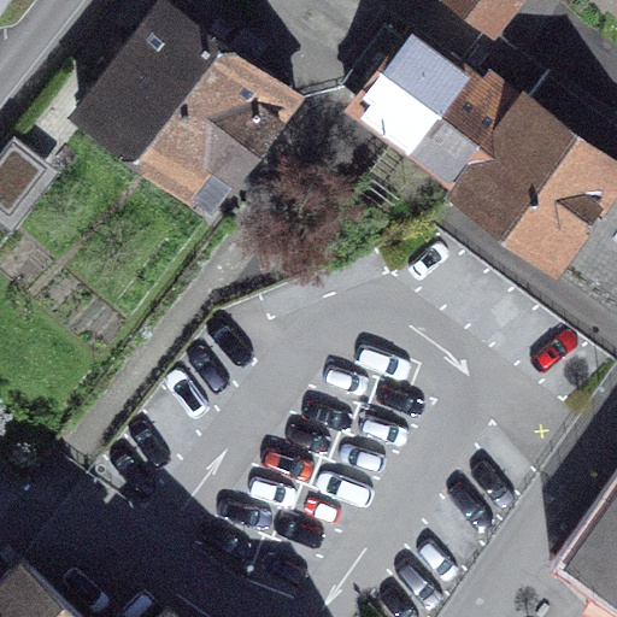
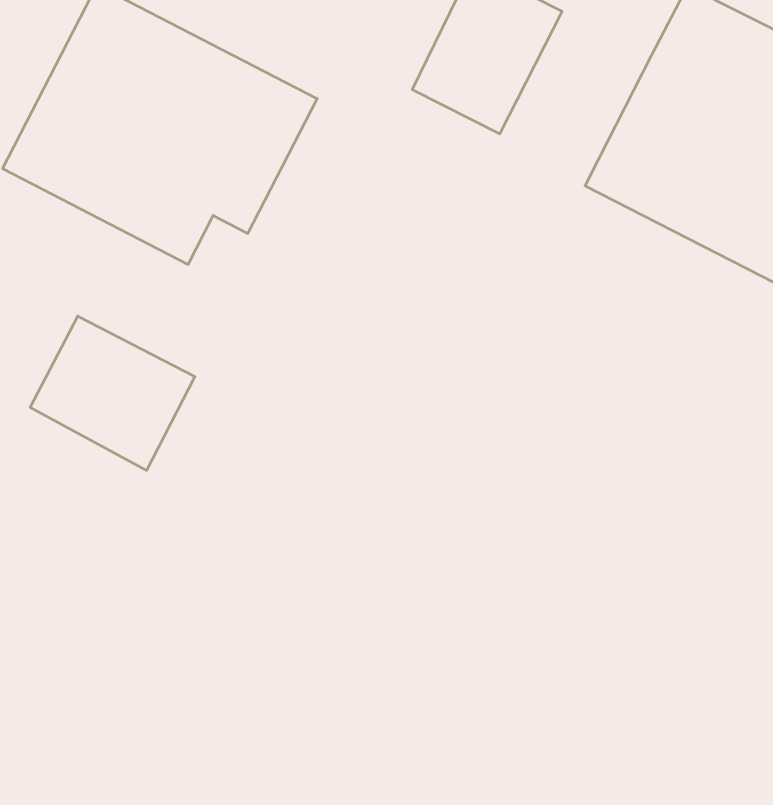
building: [407,77,515,188] -> none
building: none -> [30,316,195,470]

